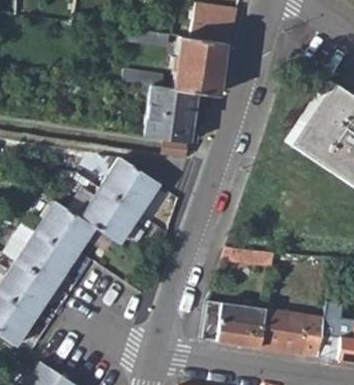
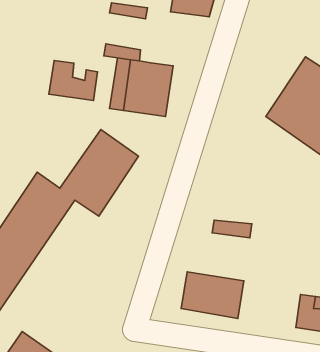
building: [172,36,224,97] -> none
building: none -> [49,60,97,100]
building: [260,310,324,357] -> none

